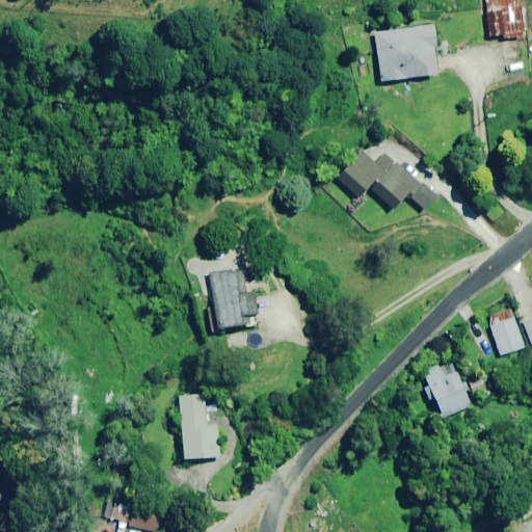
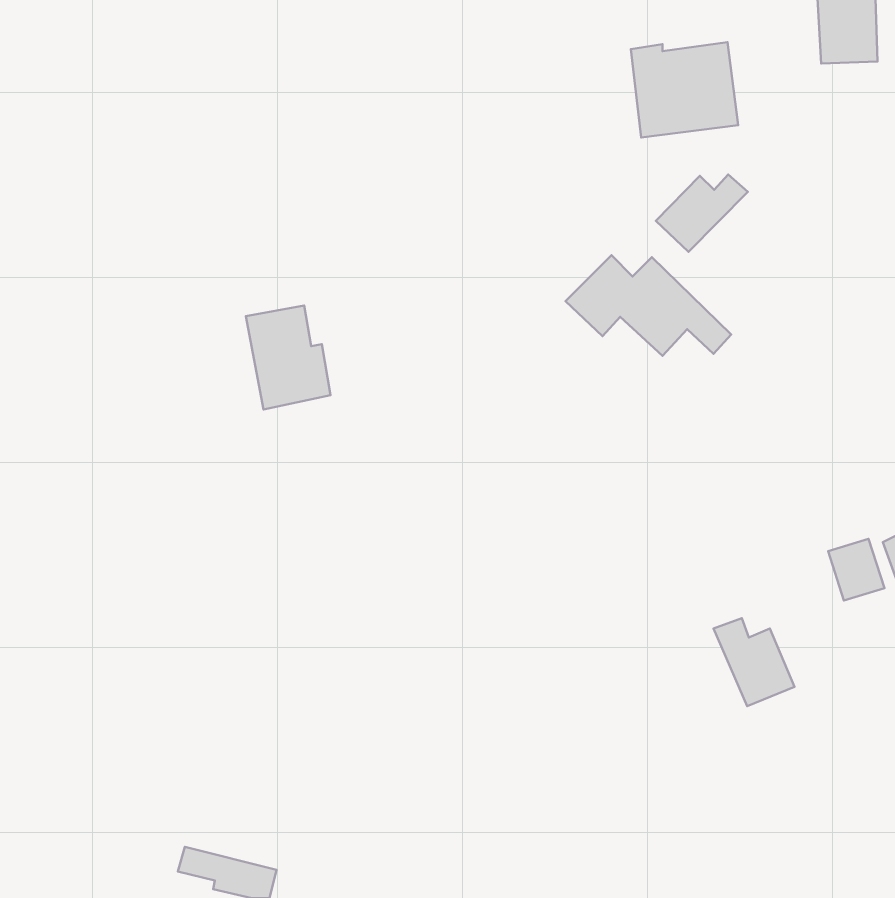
building: none -> [656,174,748,252]
building: [209,268,259,329] -> [246,306,330,409]
building: [179,395,220,458] -> none

